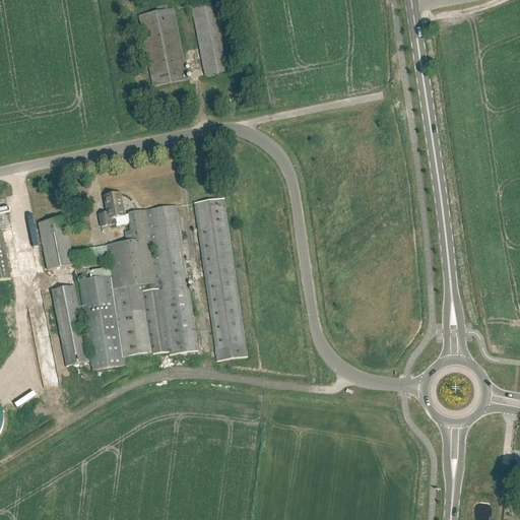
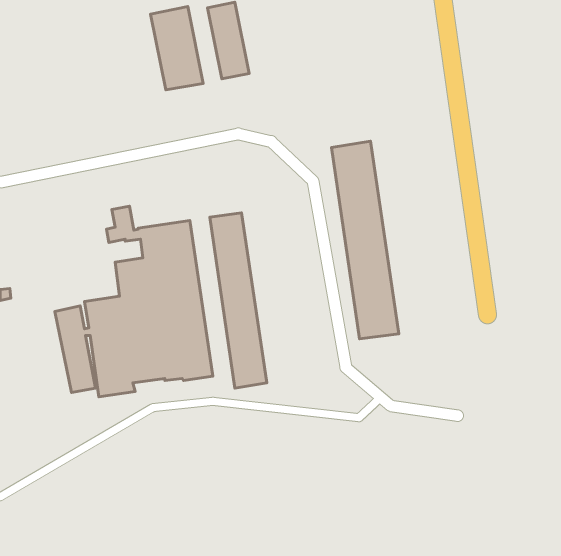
building: none -> [331,141,399,339]
building: [38,216,73,268] -> none

